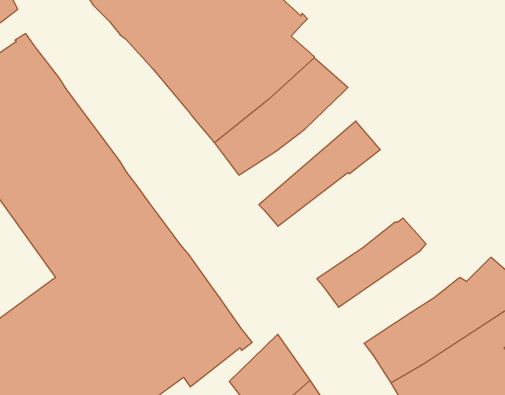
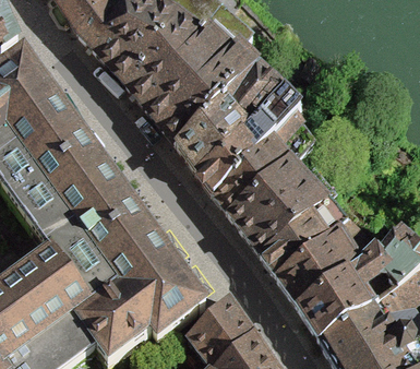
building: none -> [195,97,297,189]
building: none -> [227,163,322,249]
building: none -> [276,221,374,301]

